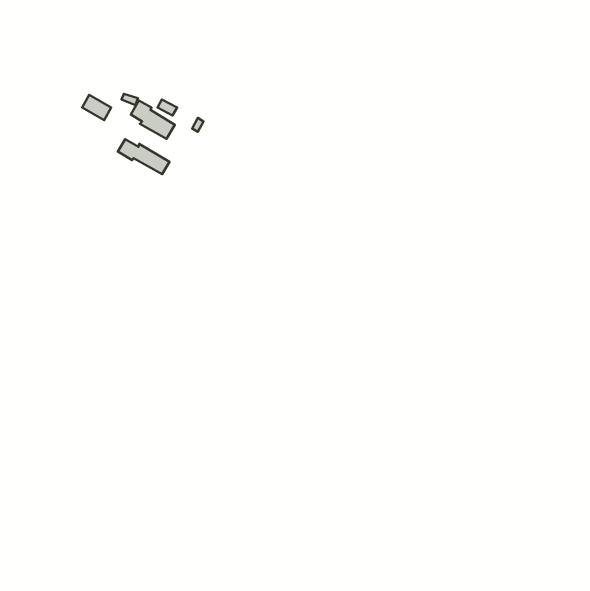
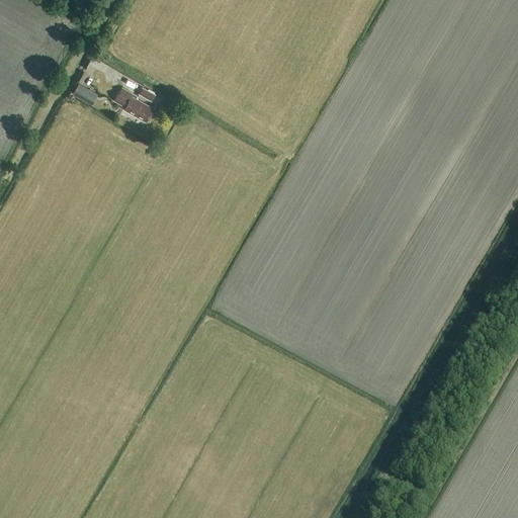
building: [118,139,169,174] -> none

